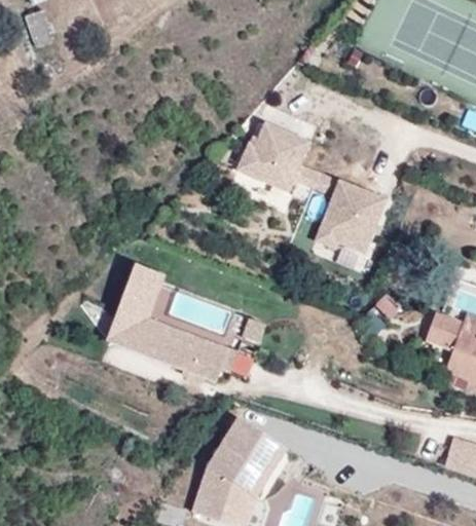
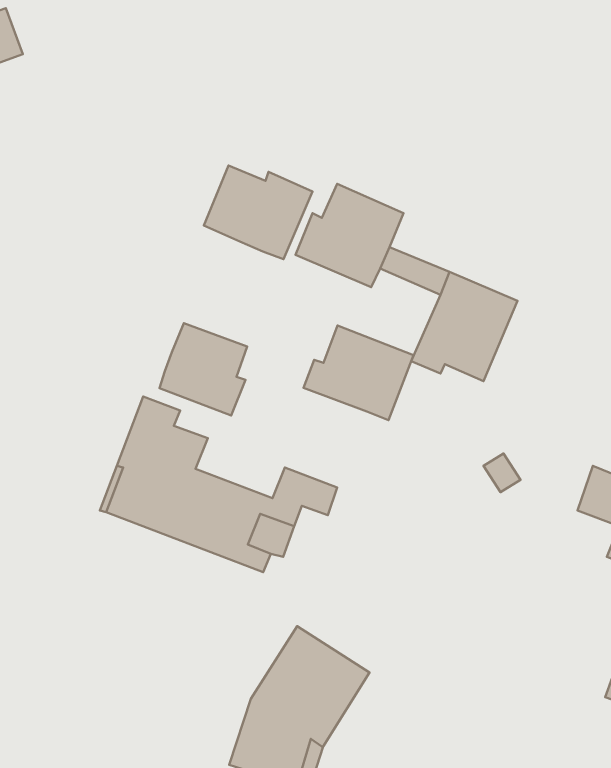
building: none -> [204,166,312,259]
building: none -> [160,323,247,415]
building: none -> [303,326,413,420]

